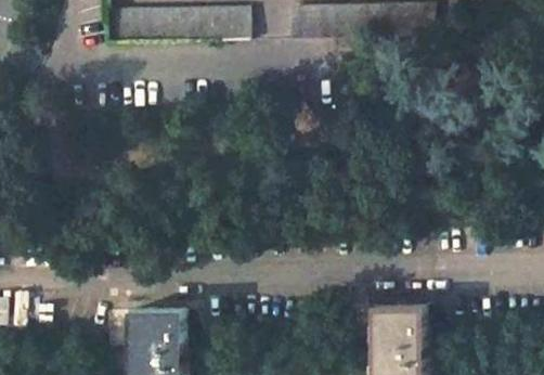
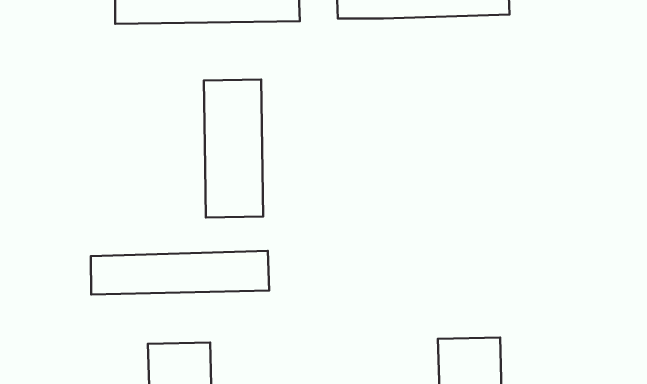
building: none -> [204,79,263,218]
building: none -> [91,251,269,295]

